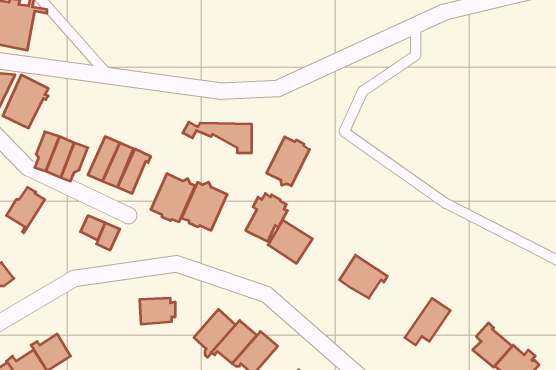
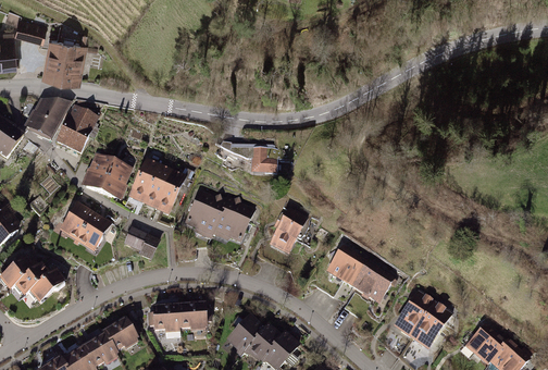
building: [267,137,310,186] -> none
building: none -> [74,215,110,252]
building: [268,220,312,263] -> [327,248,366,286]
building: none -> [399,291,434,337]
building: none -> [145,304,177,331]
building: none -> [102,319,138,352]

